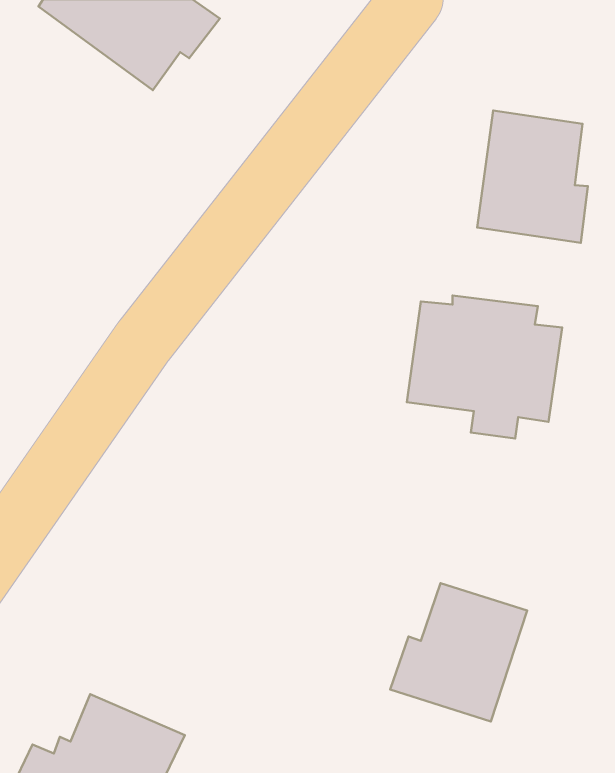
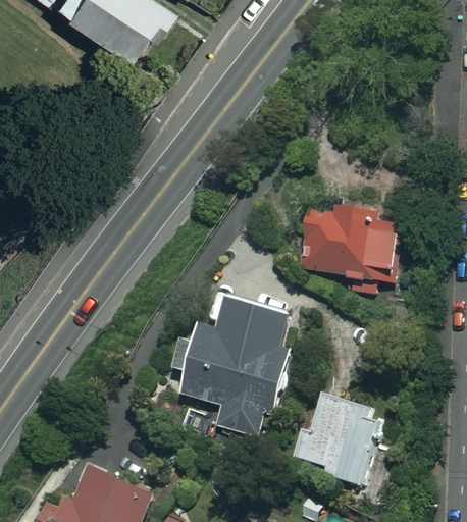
building: [477,110,588,243] -> none
building: none -> [171,297,288,439]

